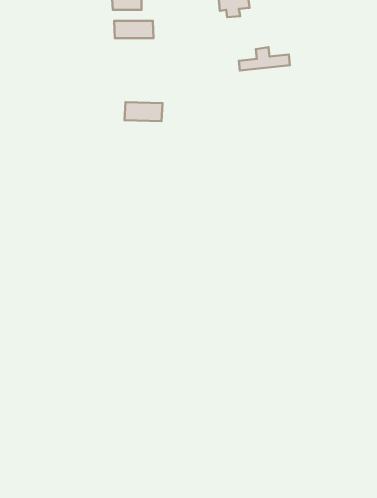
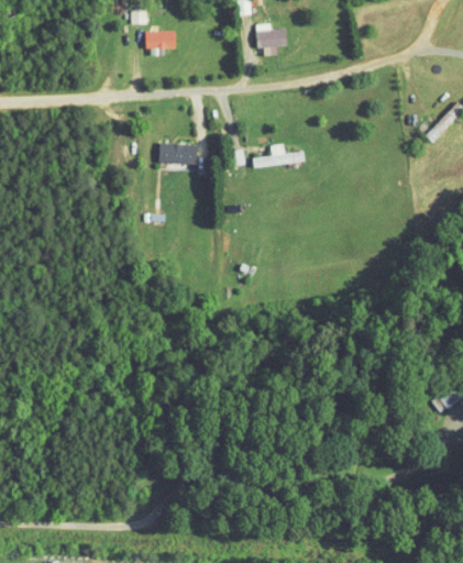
building: [114,21,153,38] -> none
building: [239,47,290,70] -> [253,144,306,168]

